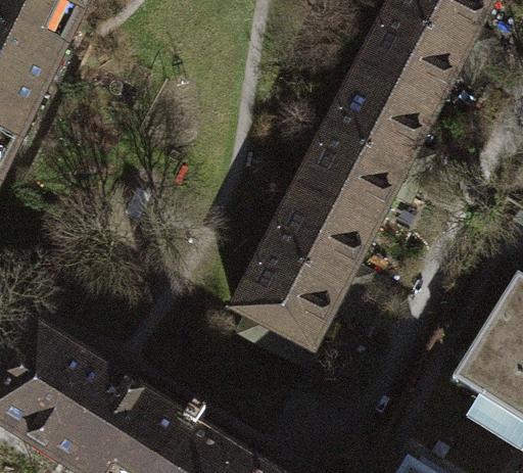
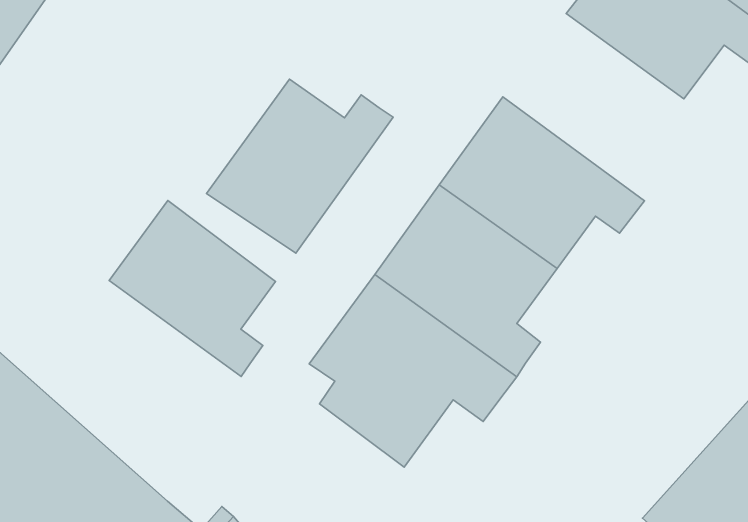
building: [324,70,435,178] -> none
building: none -> [206,79,393,253]
building: none -> [109,200,276,377]

